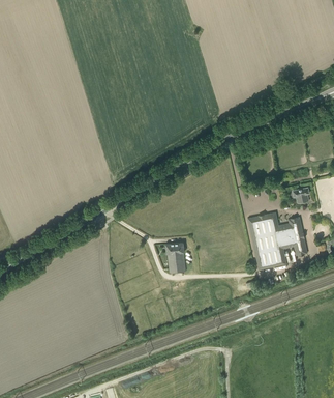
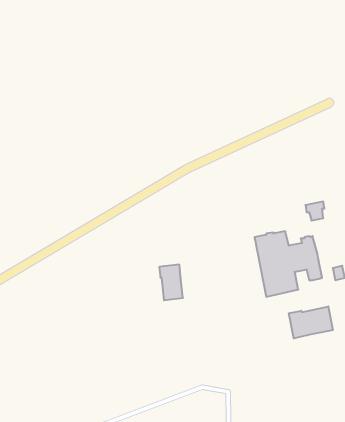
building: none -> [289,306,333,338]

